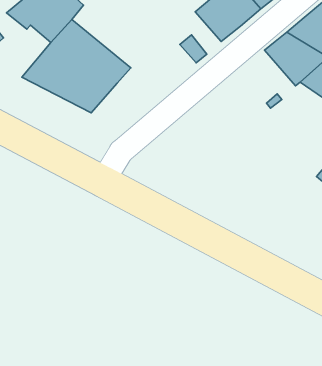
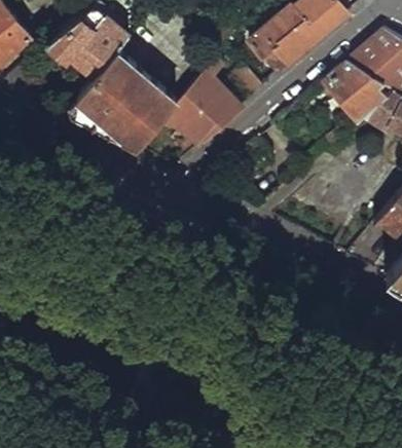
building: none -> [166,63,243,146]

